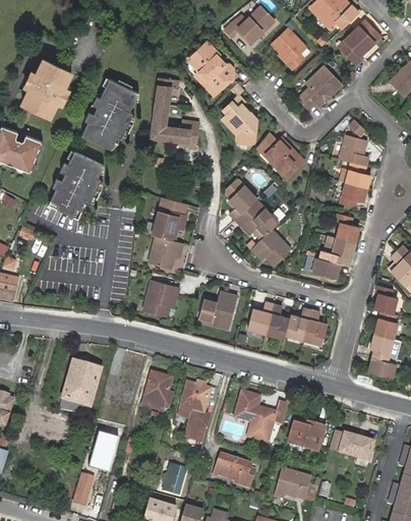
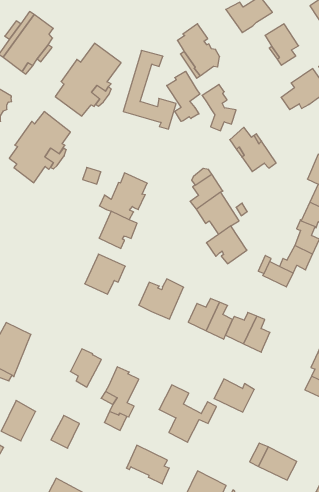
building: none -> [167,71,200,121]
building: [287,422,324,451] -> [214,379,254,412]
building: [161,463,185,494] -> [51,415,79,448]

